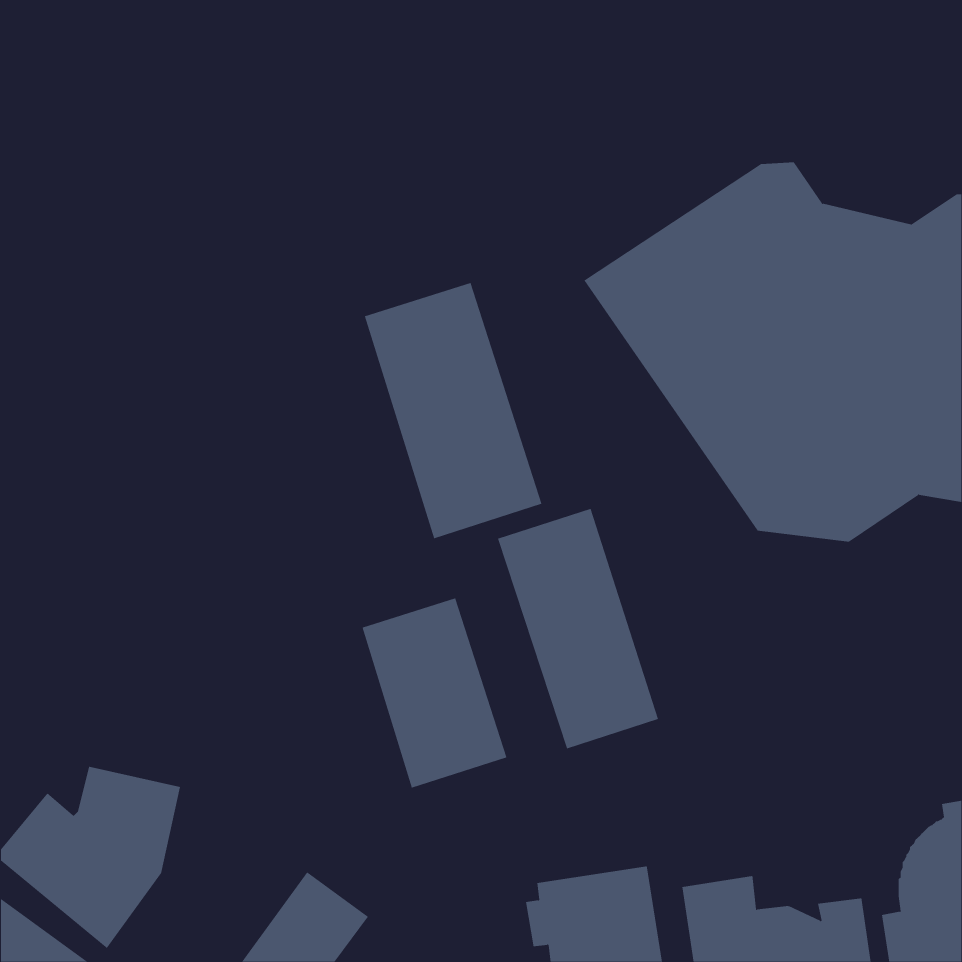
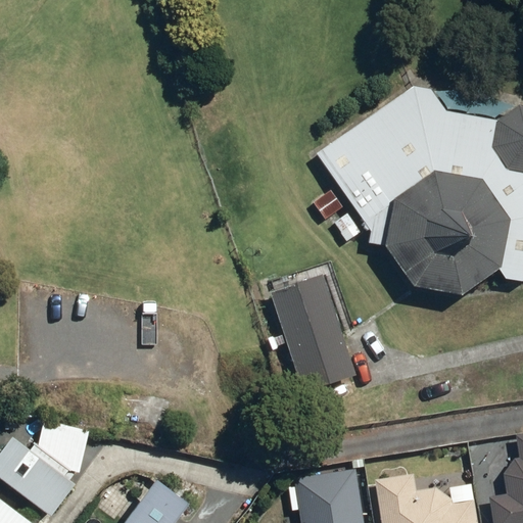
building: [364,282,542,539] -> none
building: [362,597,507,788] -> none

